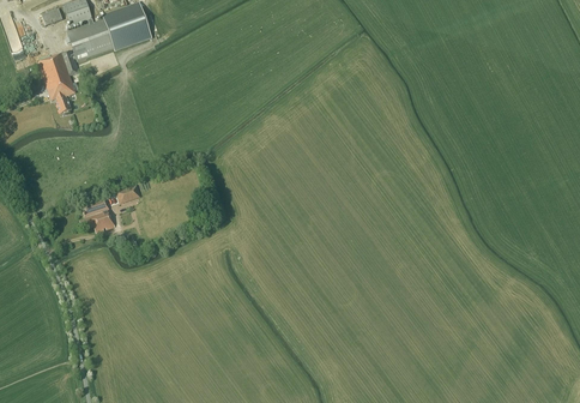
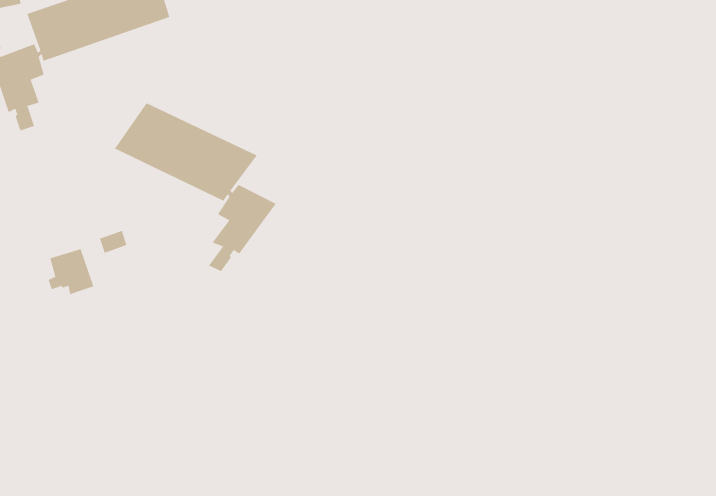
building: none -> [114,103,277,272]

